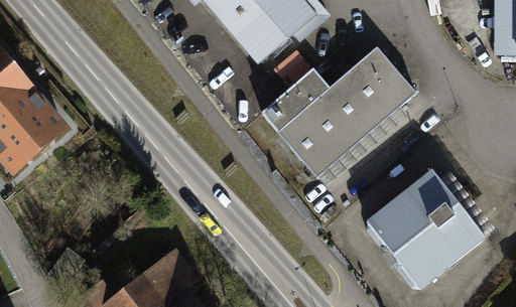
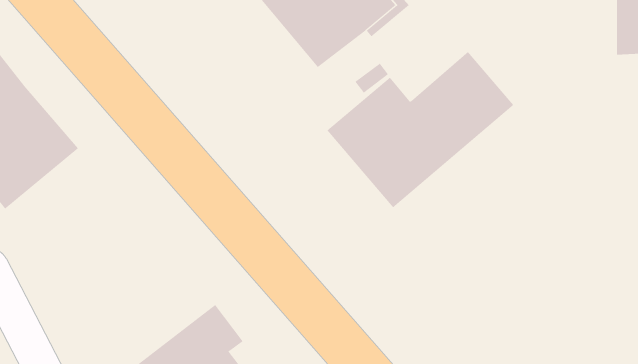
building: [370,172,487,288] -> none

